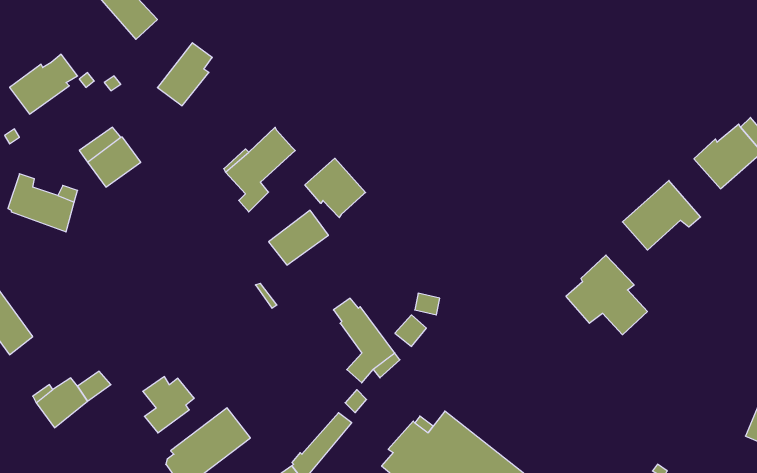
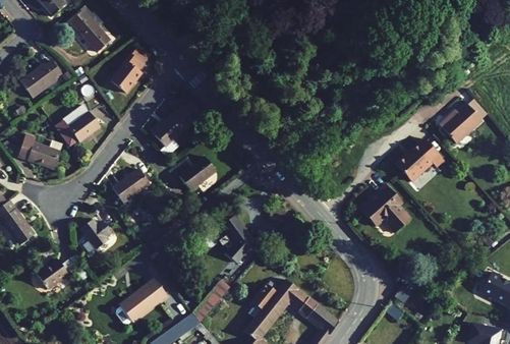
building: [305,158,366,218] -> none
building: none -> [112,169,149,204]
building: [143,377,194,433] -> [79,220,111,254]

